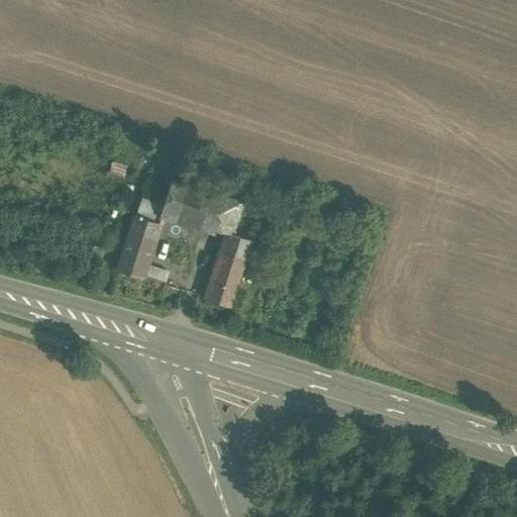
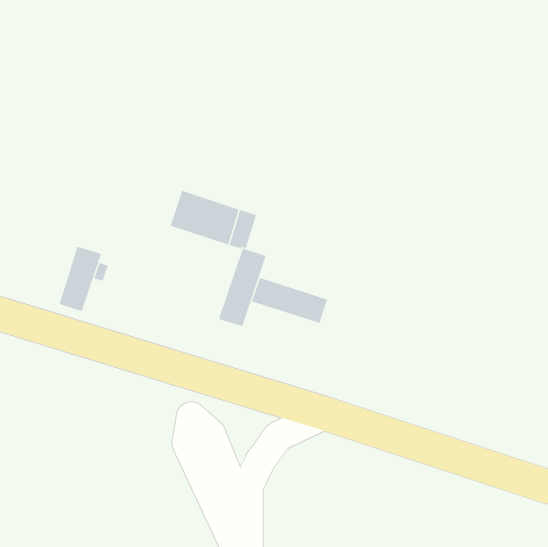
building: [117,218,158,280] -> [59,246,102,312]
building: none -> [251,277,328,325]

